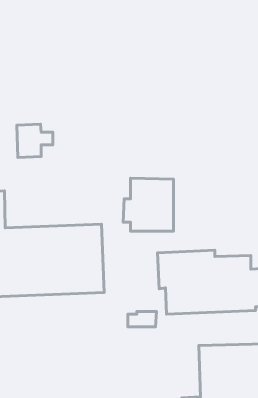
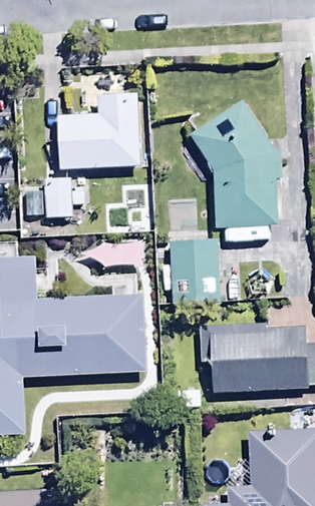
building: none -> [58,93,140,168]
building: none -> [190,101,283,228]

